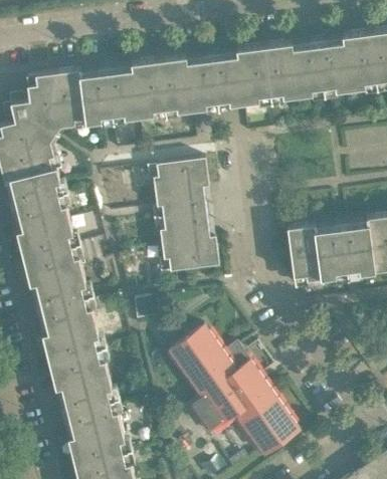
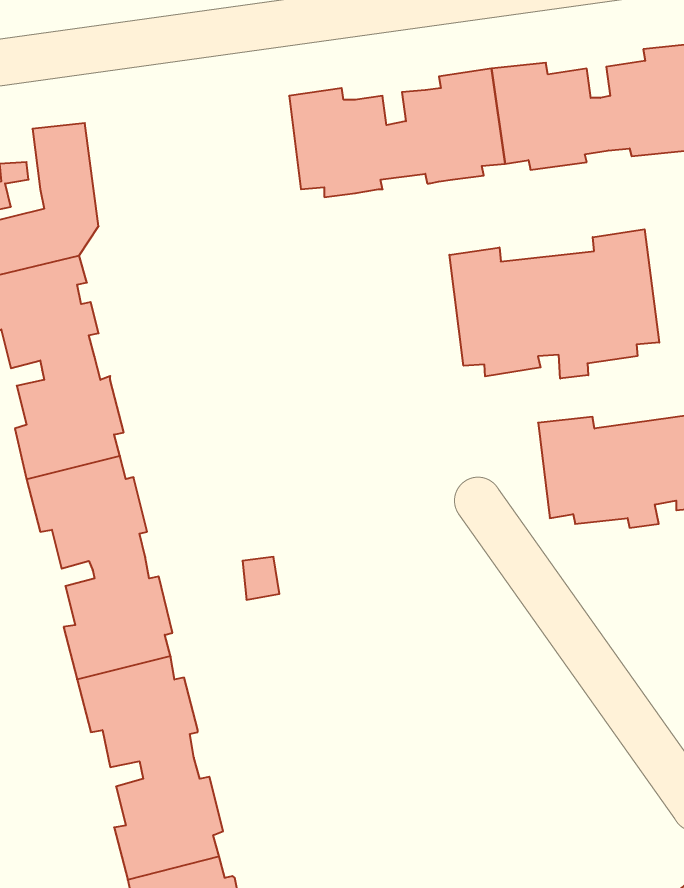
building: [53,62,165,130] -> none
building: none -> [449,229,659,379]
building: [153,161,219,274] -> none
building: [169,328,300,458] -> none

